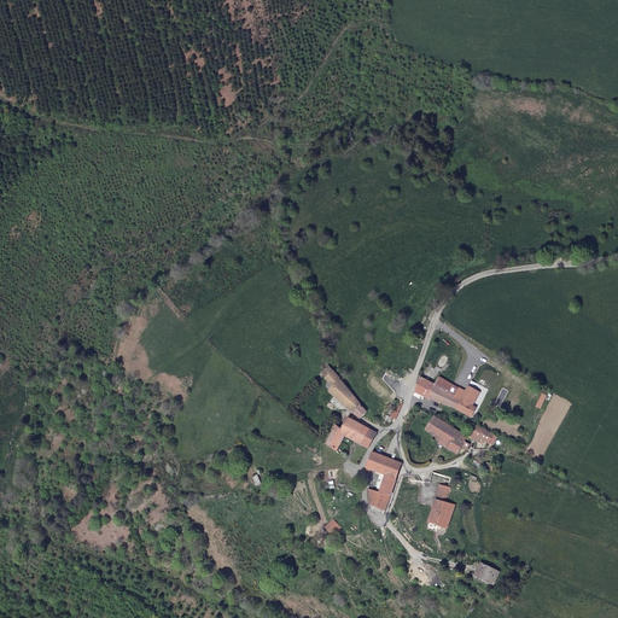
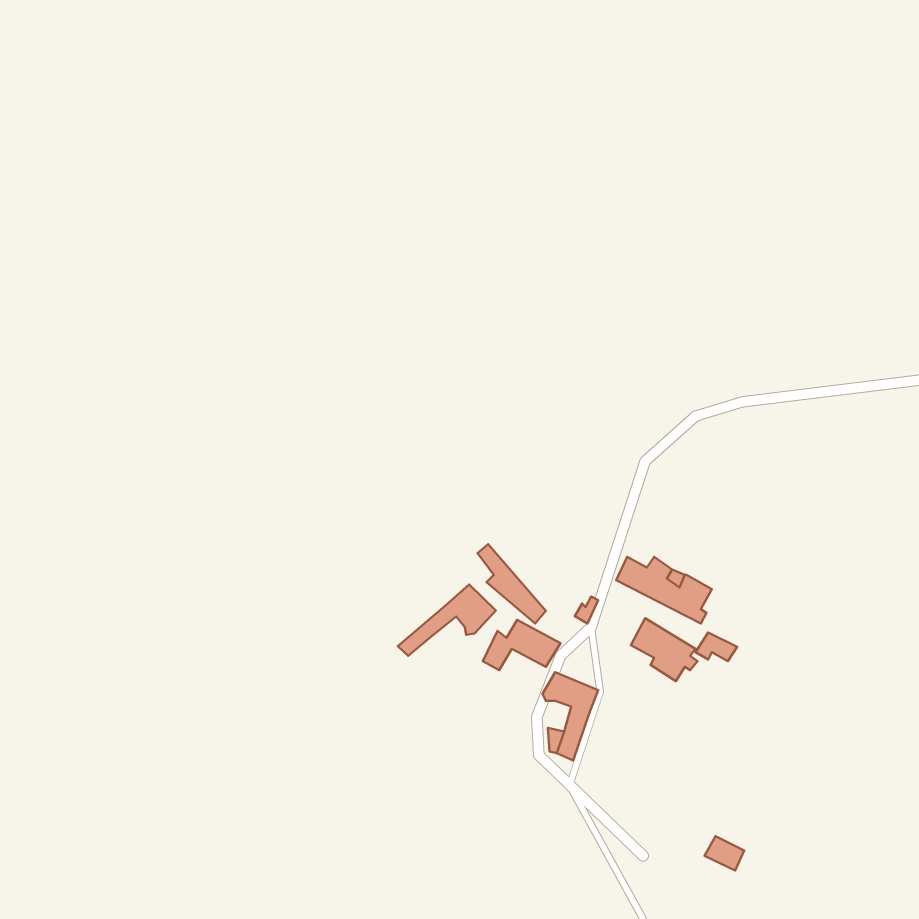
building: none -> [398,584,496,656]
building: [427,484,453,527] -> none

